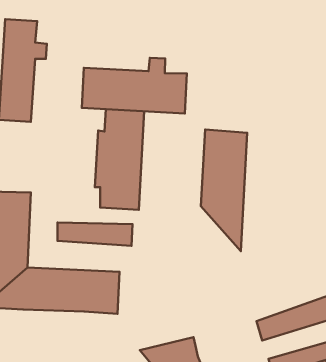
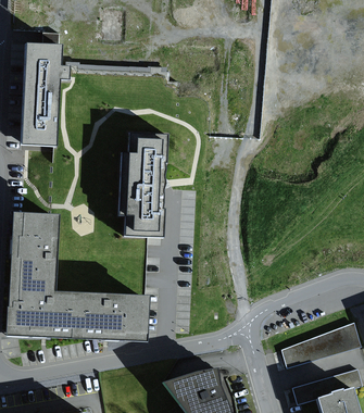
building: [82,58,187,113] -> none
building: [201,130,247,251] -> none
building: [57,223,133,246] -> none

